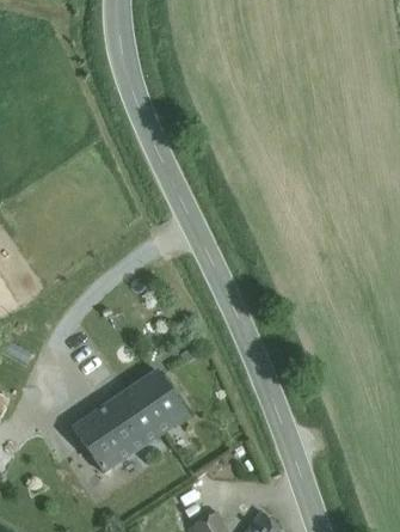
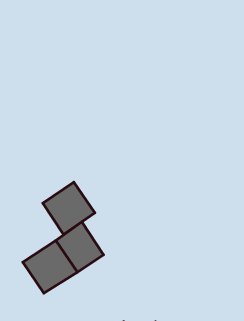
building: none -> [43,182,95,235]

